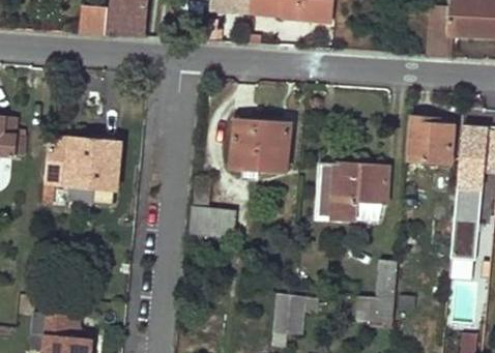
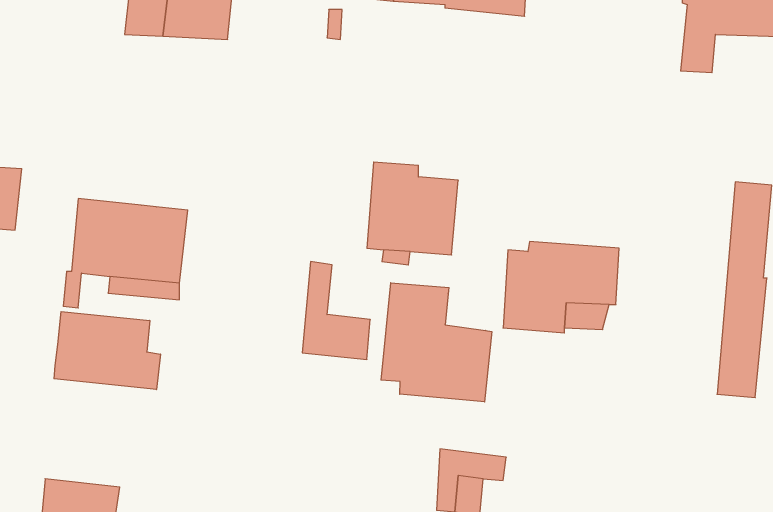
building: [408,117,453,163] -> none
building: none -> [381,283,492,402]
building: none -> [54,312,160,390]
building: [357,260,399,322] -> none

